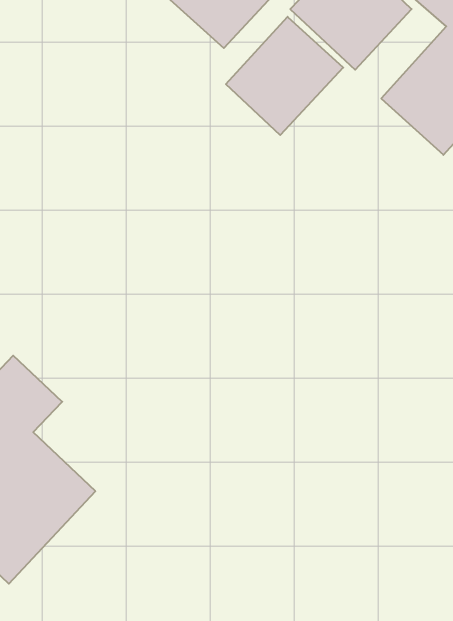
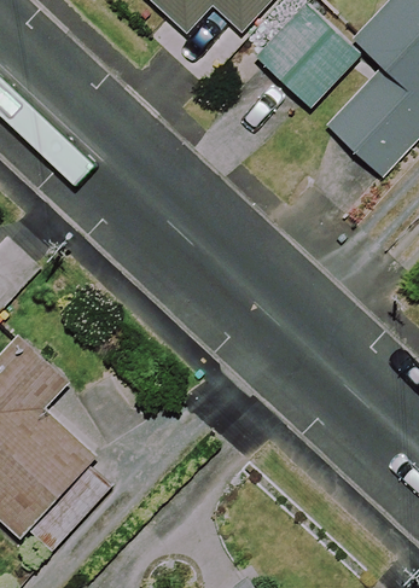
building: [226,17,343,135] -> none

